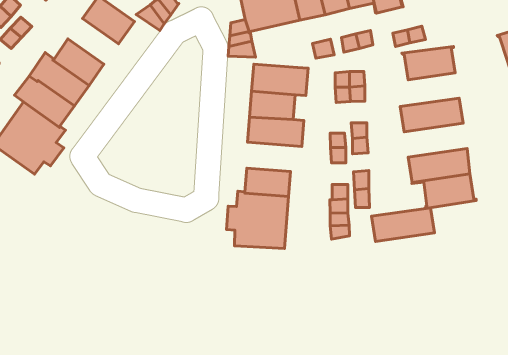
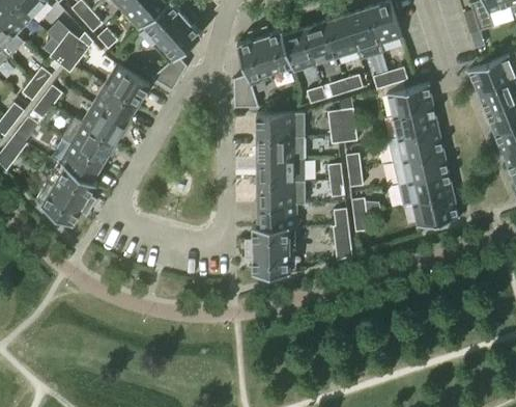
building: none -> [93,85,138,124]
building: none -> [388,107,438,140]
building: none -> [257,182,305,205]
building: [372,208,435,241] -> [393,151,449,184]

